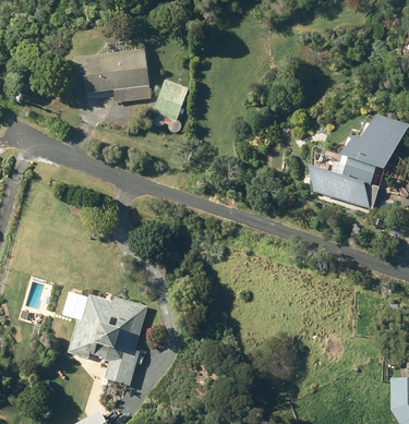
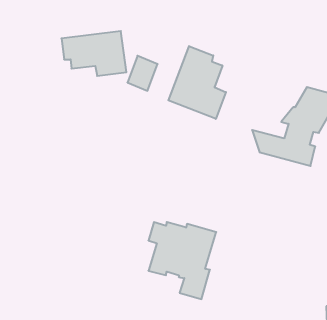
building: none -> [168,46,226,119]
building: [67,293,147,385] -> [148,222,216,299]

